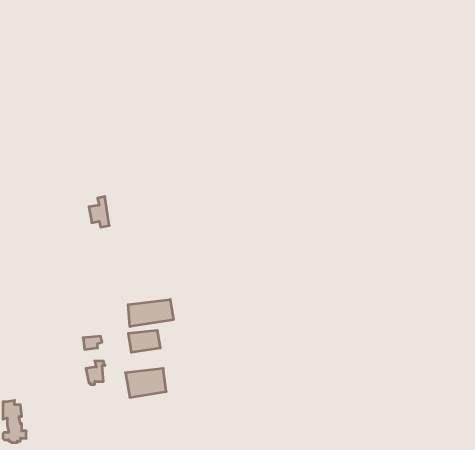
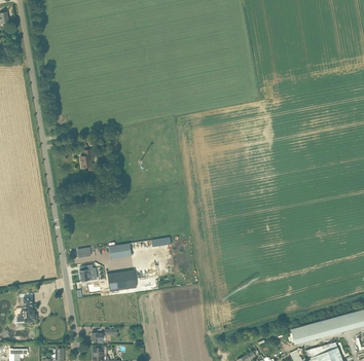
building: [128,299,173,327] -> none

